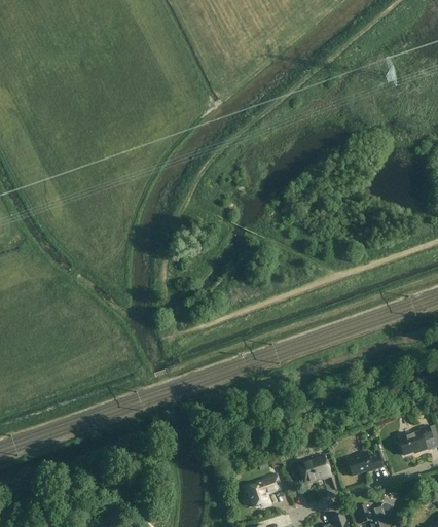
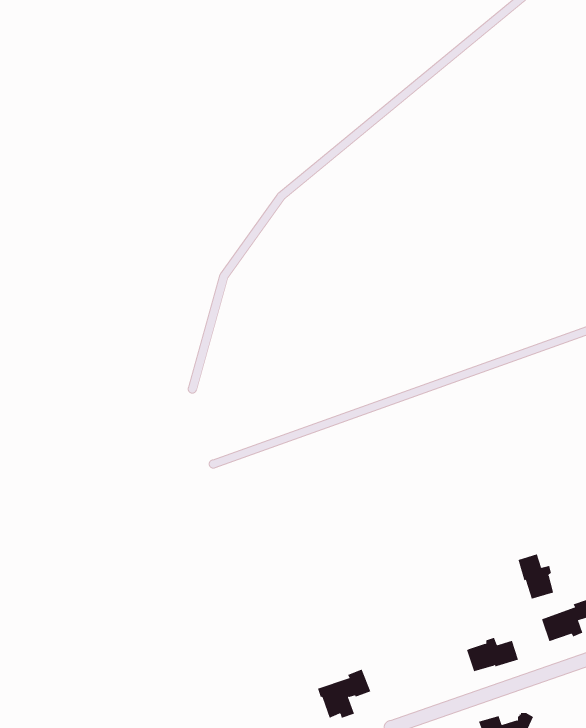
building: none -> [518,553,559,600]
building: [296,452,330,482] -> none

